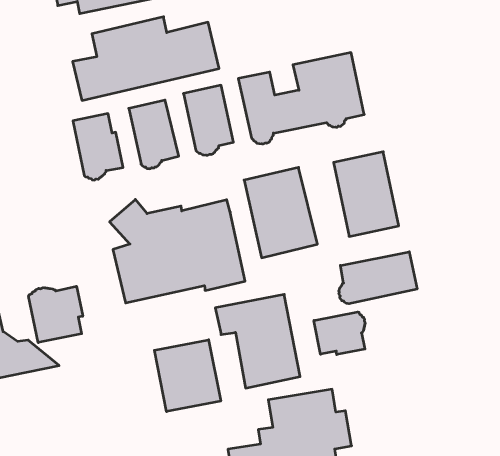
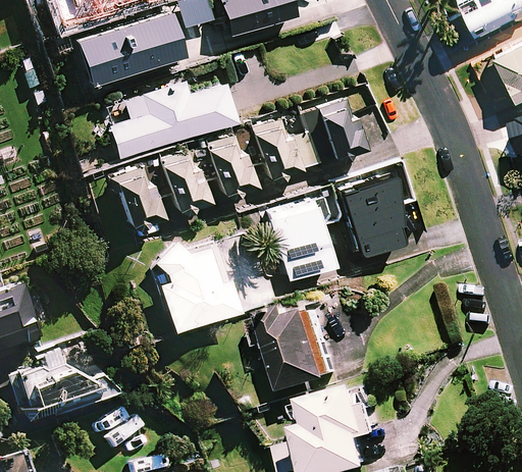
building: [339,252,417,304] -> none
building: [29,286,83,343] -> none
building: [314,312,365,355] -> none
building: [154,340,221,412] -> none

